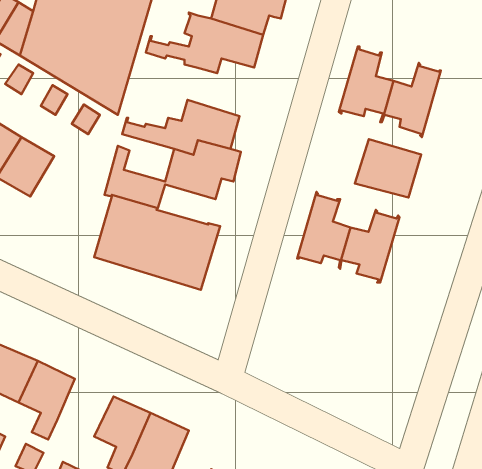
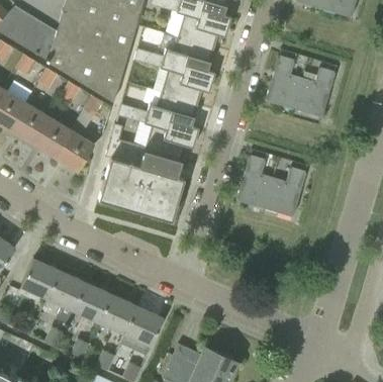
building: none -> [162,65,214,104]
building: [355,139,421,198] -> none
building: none -> [55,131,94,173]
building: none -> [140,151,181,178]
building: none -> [73,283,111,322]

